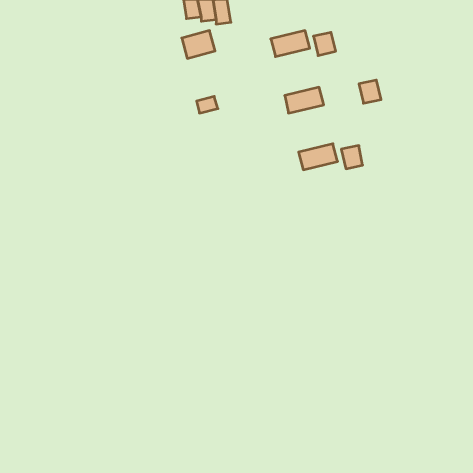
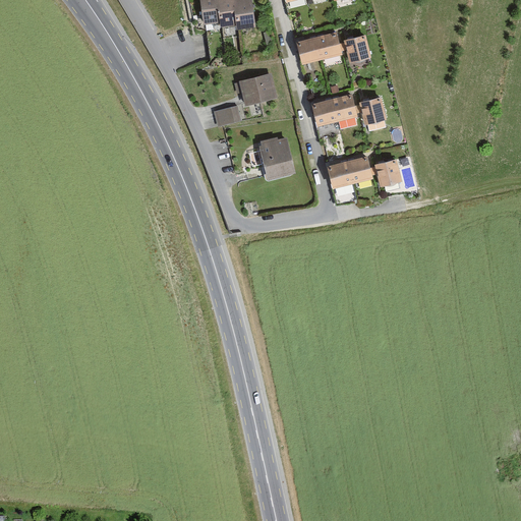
building: [182,31,215,58] -> [239,73,276,104]
building: [359,80,381,103] -> [360,98,385,123]
building: none -> [260,139,292,177]

